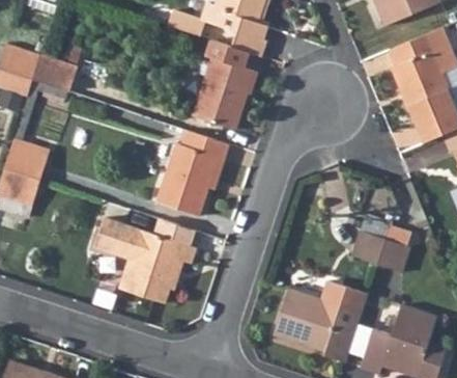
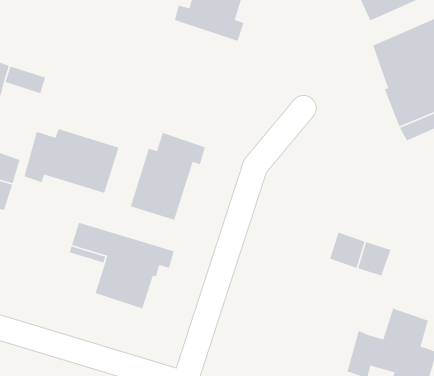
building: [193,43,254,134] -> none
building: none -> [23,128,119,194]
building: [276,277,367,360] -> none

